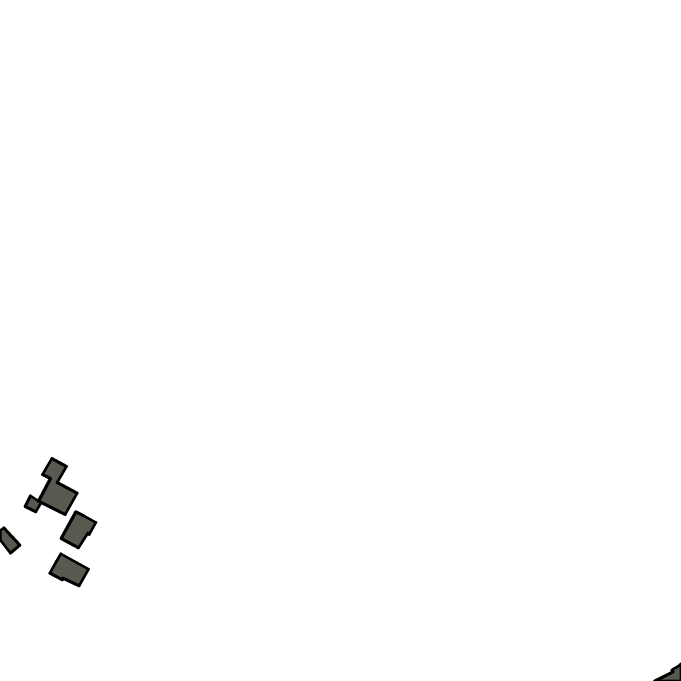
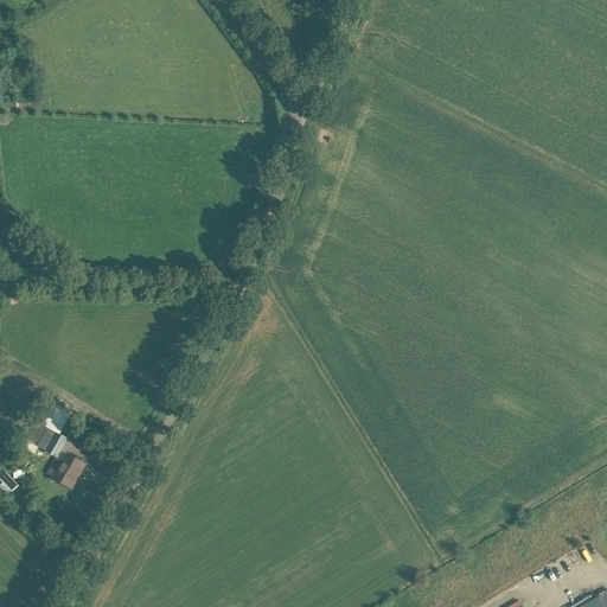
building: [50,554,89,586] -> none

